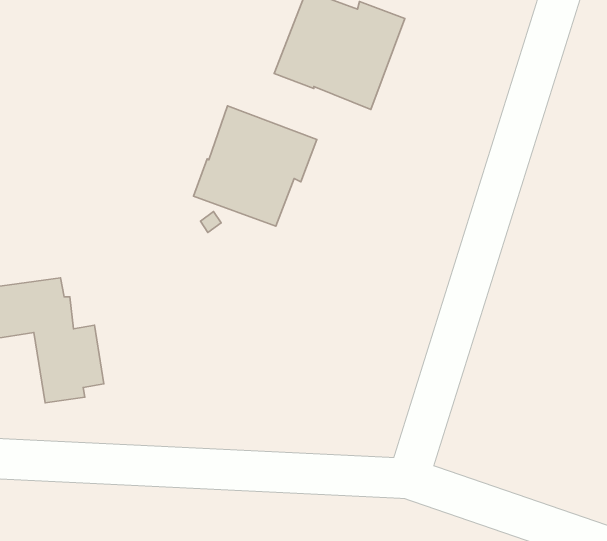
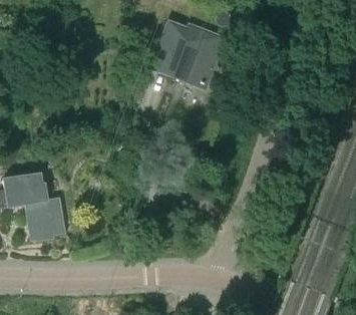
building: [194,106,317,226] -> none

